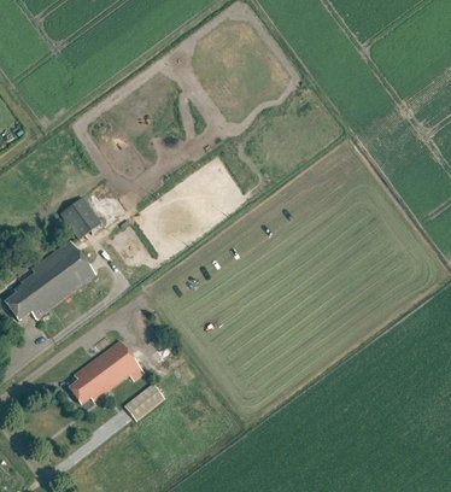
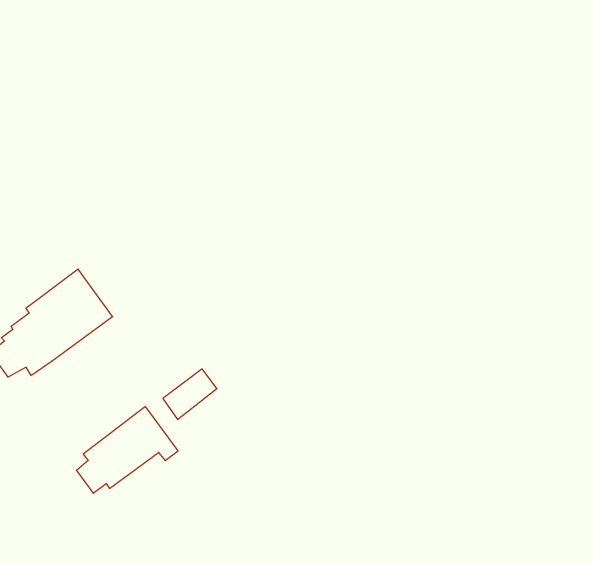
building: [59,195,101,239] -> none
building: [124,383,164,421] -> [163,369,217,420]

